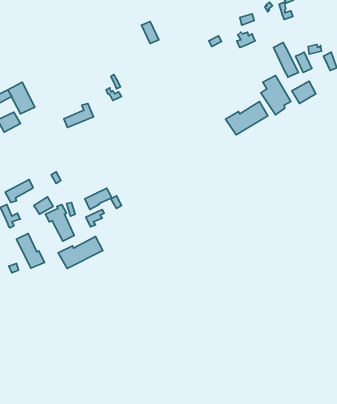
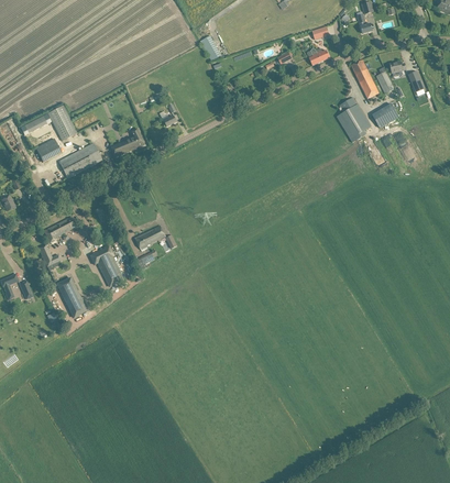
building: [226,102,268,135] -> none
building: none -> [57,142,101,177]
building: [58,237,103,268] -> none

